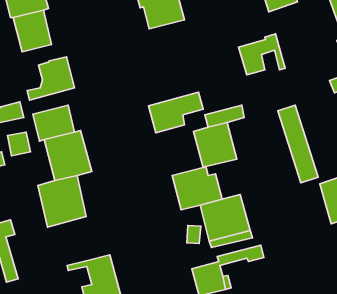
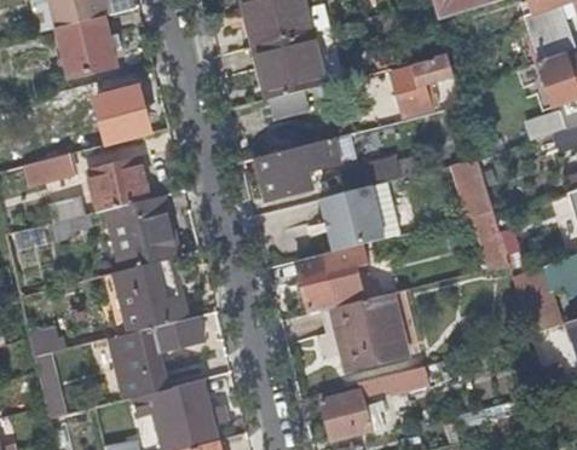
building: none -> [260,33,327,100]
building: none -> [108,316,203,399]

